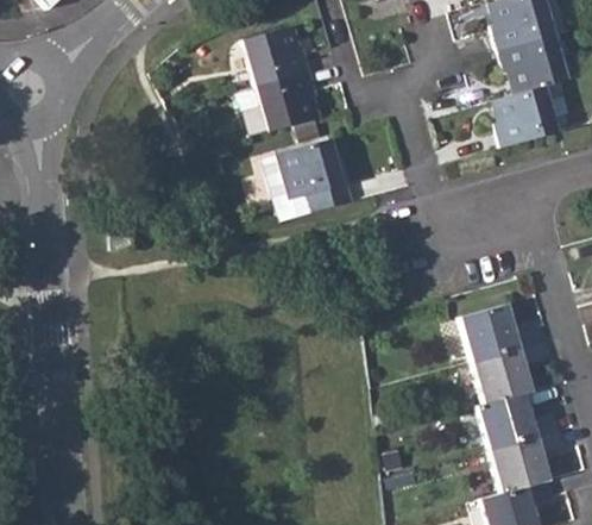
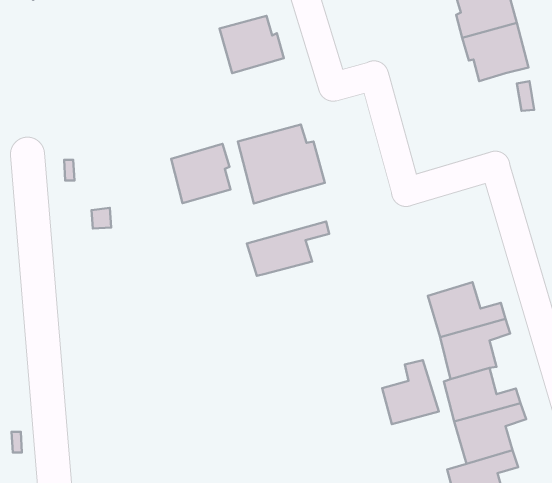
building: [257,70,319,132] -> [171,144,231,203]
building: [492,86,554,148] -> none
building: none -> [247,221,329,276]
building: none -> [382,360,439,424]

